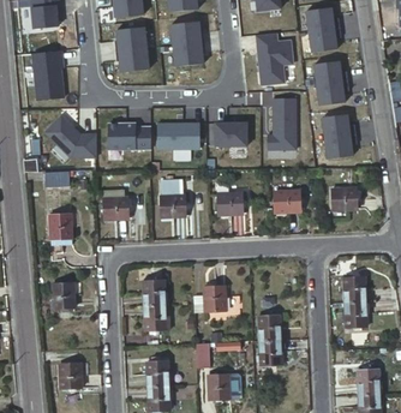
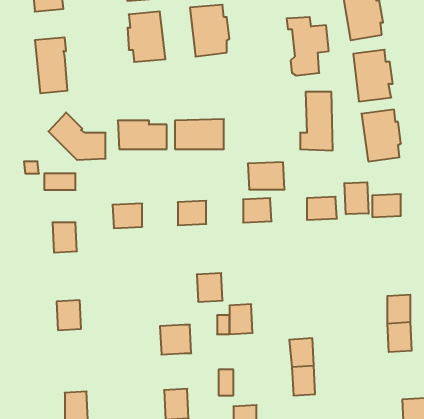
building: [215,122,247,146] -> [248,162,285,189]
building: none -> [344,182,369,214]
building: [143,280,166,305] -> [197,273,223,302]

